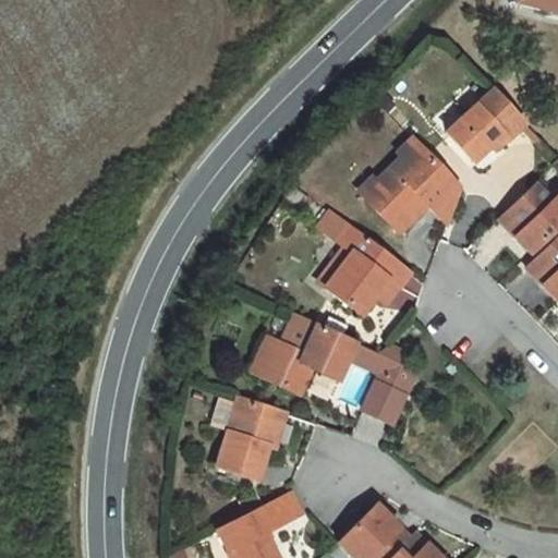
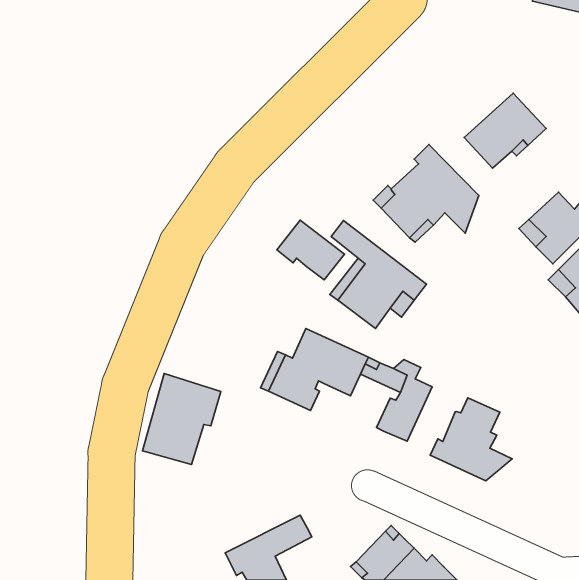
building: none -> [277,220,344,280]
building: none -> [430,398,512,481]
building: [219,398,294,485] -> [142,373,221,464]

